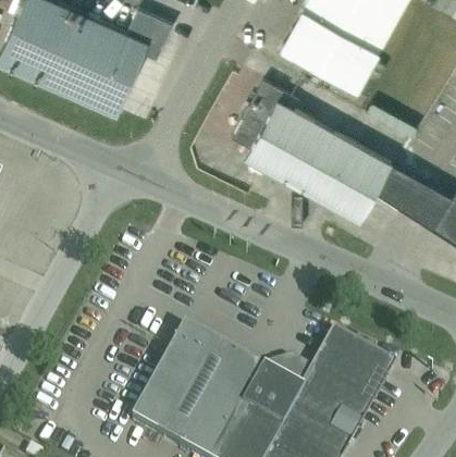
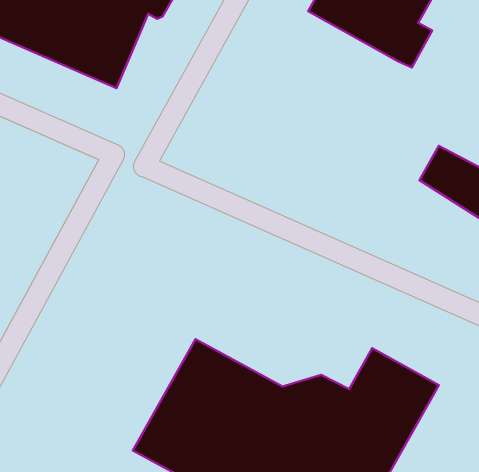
building: [232,81,392,222] -> none

